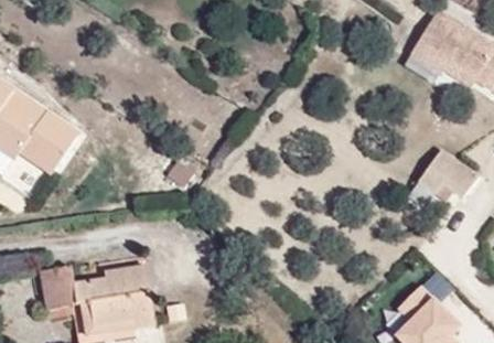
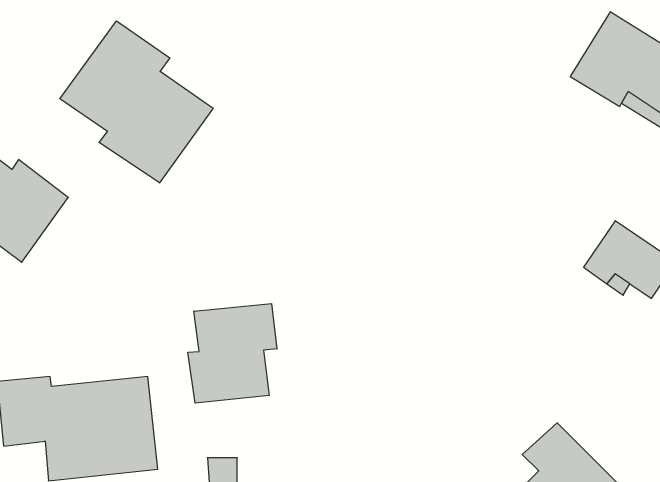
building: none -> [60,21,213,183]
building: none -> [188,304,277,403]

